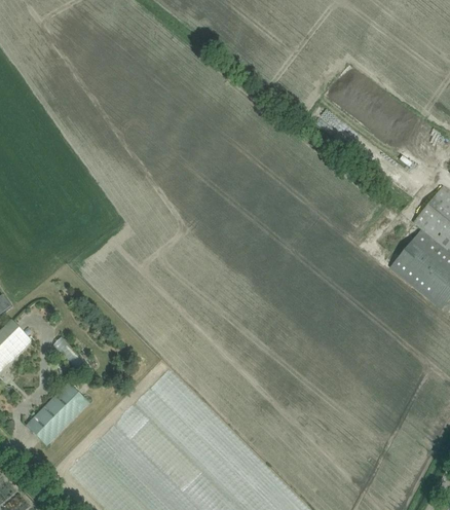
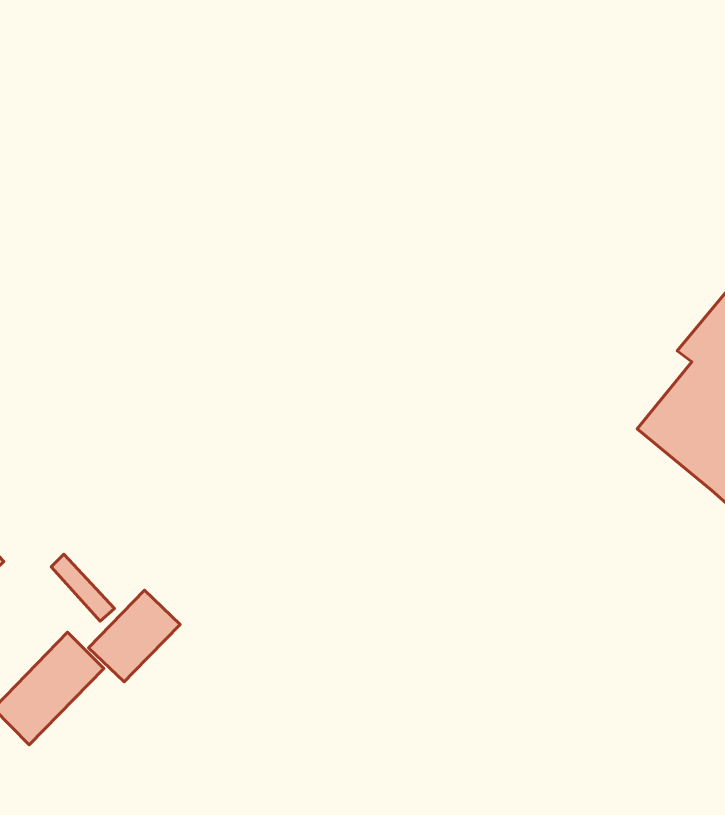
building: none -> [88,590,180,682]

